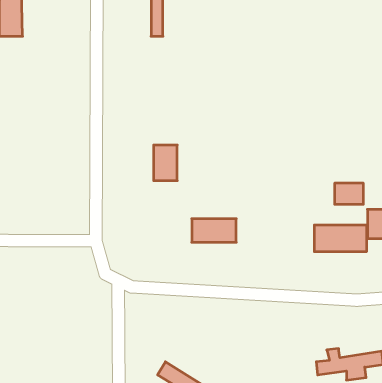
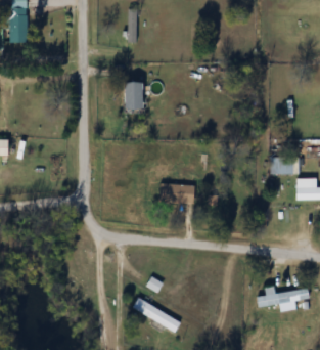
building: [154,145,177,181] -> [125,82,143,110]
building: [314,225,366,252] -> none

